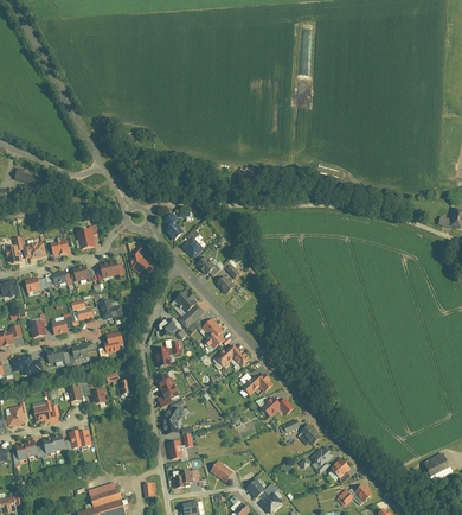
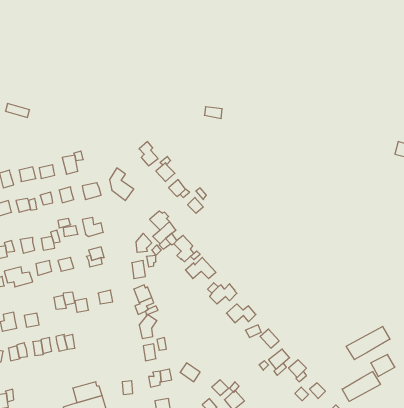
building: none -> [346,326,390,360]
building: none -> [342,372,380,401]

